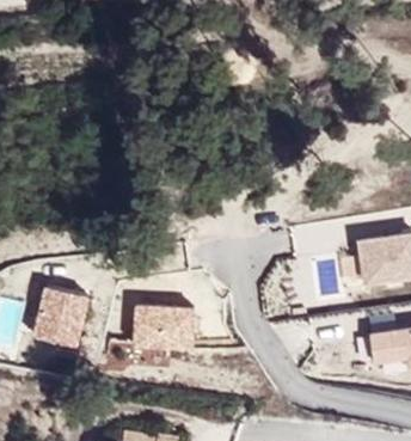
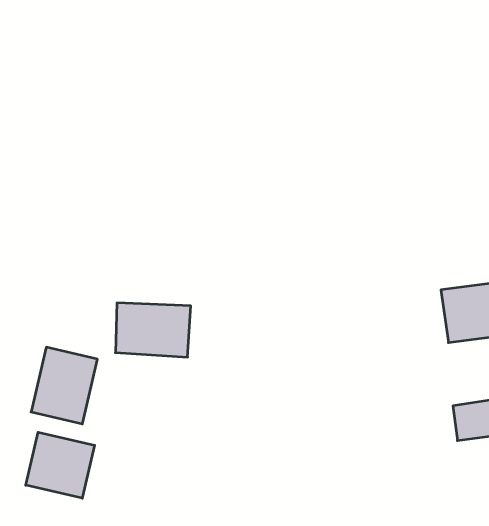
building: [135,307,195,350] -> [115,303,191,357]
building: none -> [26,432,95,498]

